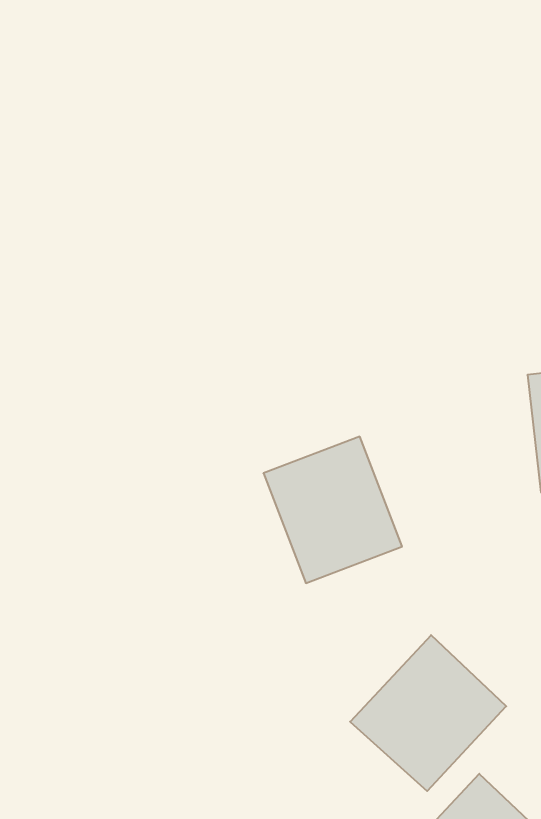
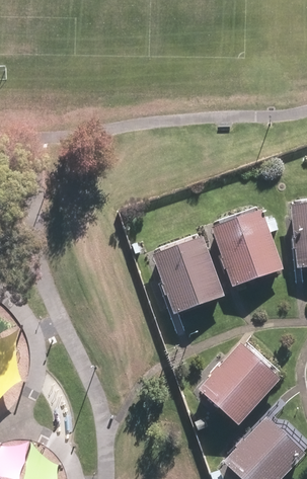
building: none -> [213,211,284,286]

